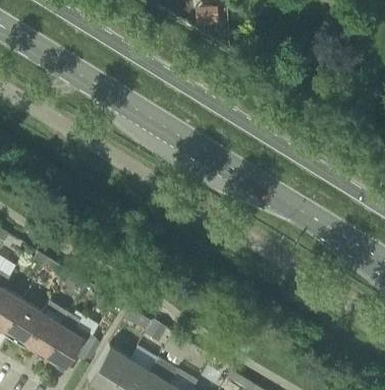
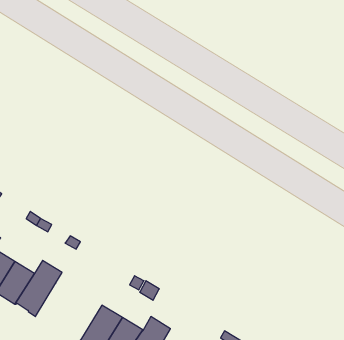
building: [43,313,96,369] -> none

